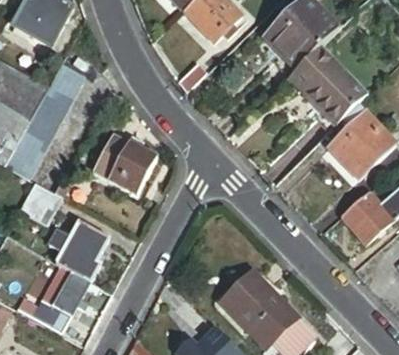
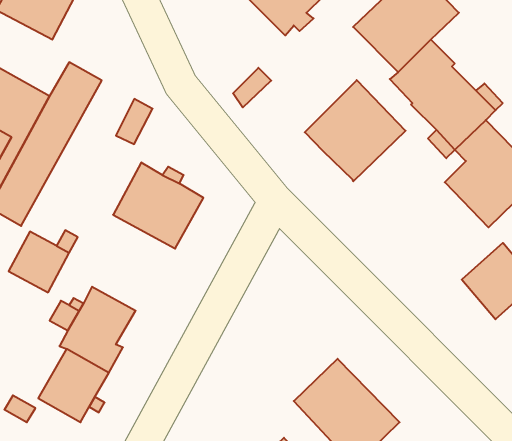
building: none -> [305,80,406,181]

